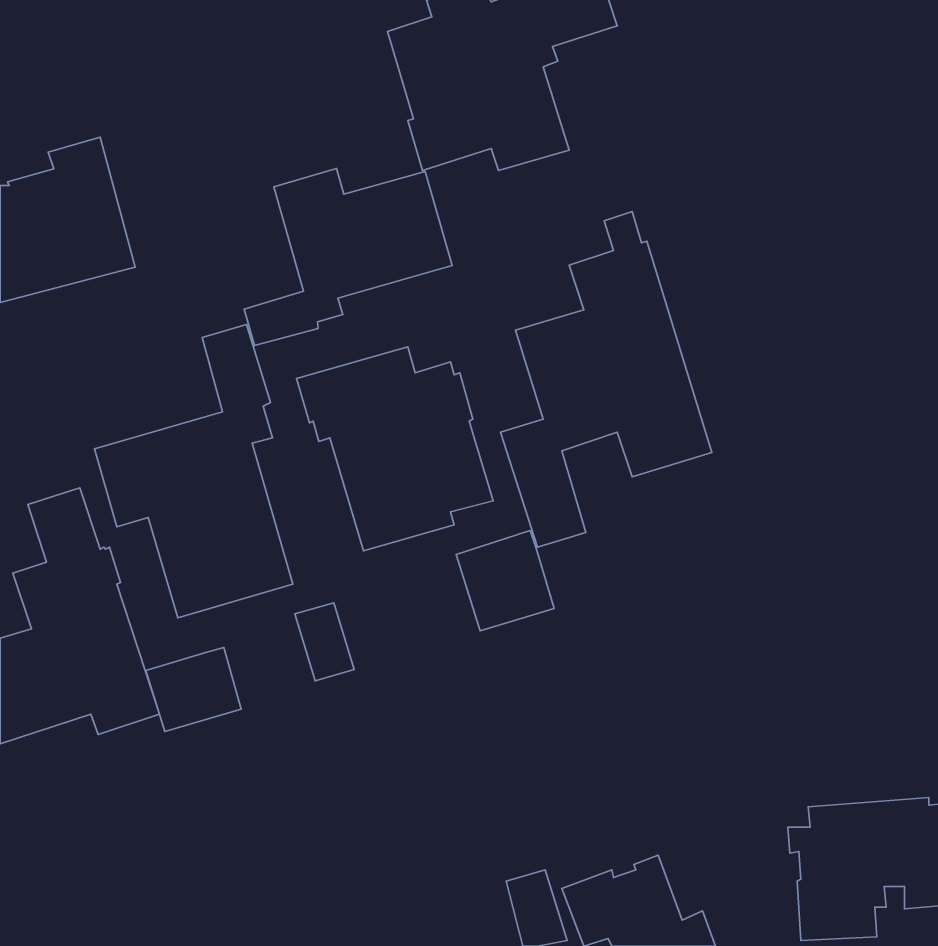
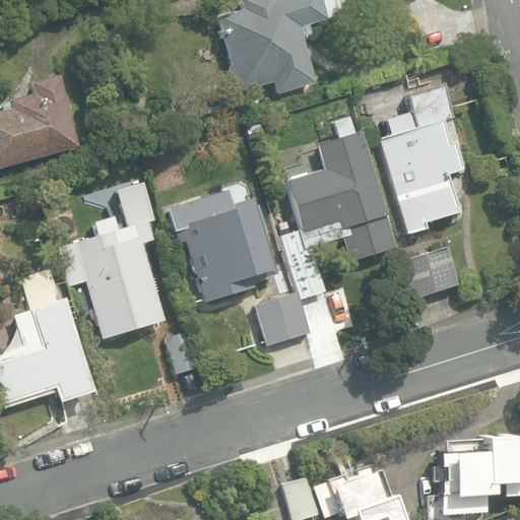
building: none -> [379,87,463,237]
building: [244,168,452,345] -> none
building: none -> [401,246,460,301]
building: [146,647,241,731] -> none

